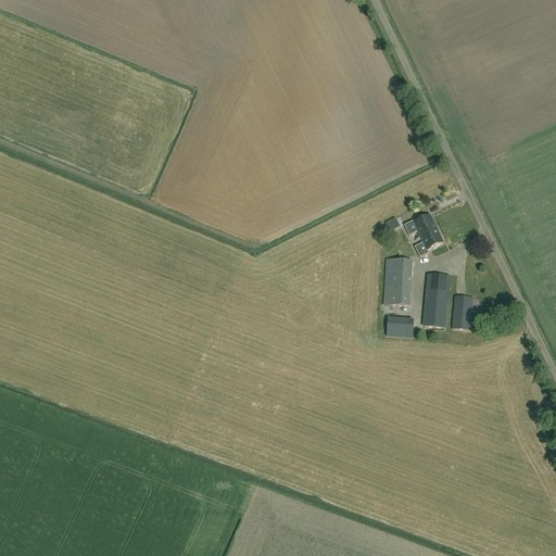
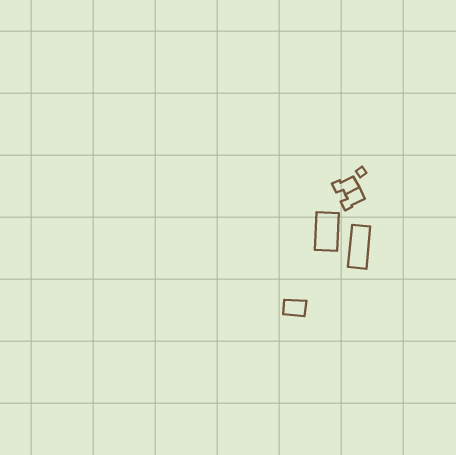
building: [451,294,472,329] -> none
building: [386,316,414,336] -> [283,300,306,316]

